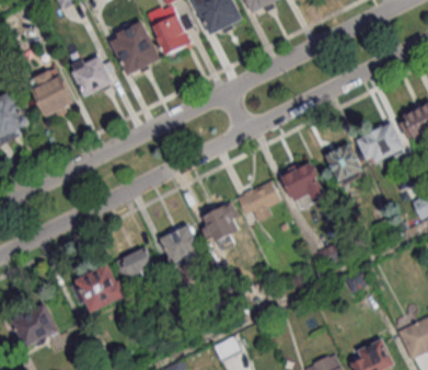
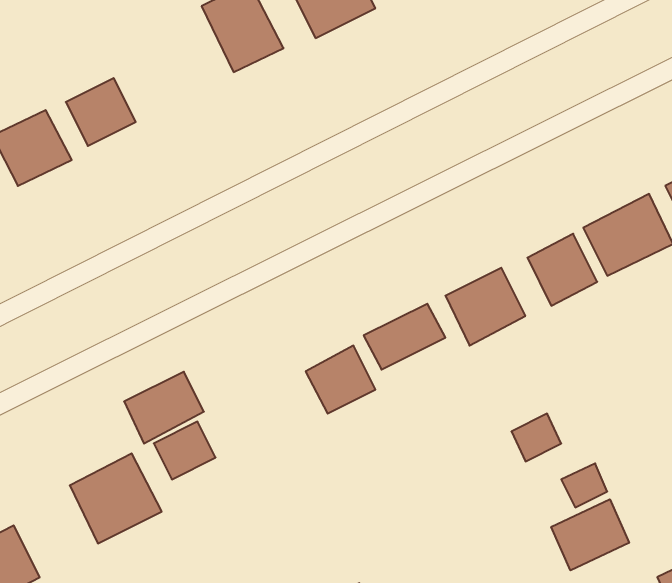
building: [106,22,159,77] -> none
building: [158,223,201,263] -> [124,372,204,444]
building: none -> [551,499,629,570]

